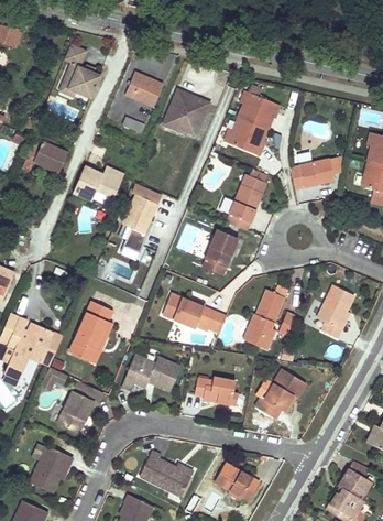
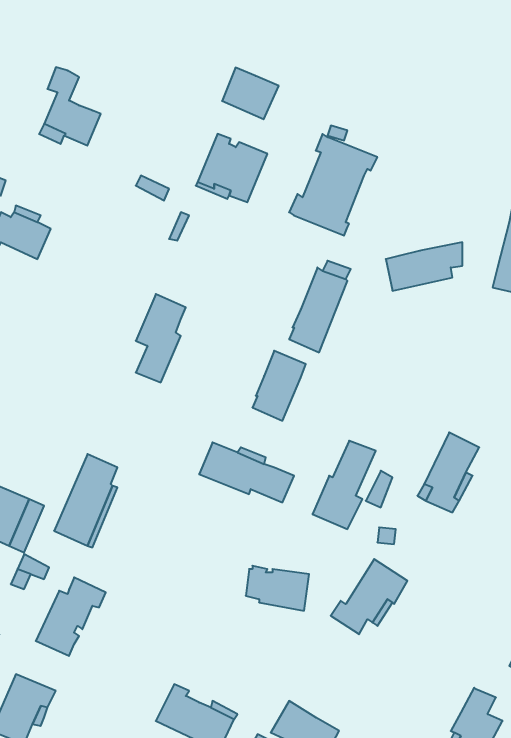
building: [127,72,164,106] -> [222,68,279,119]
building: [74,165,124,200] -> none
building: [123,355,183,391] -> none

